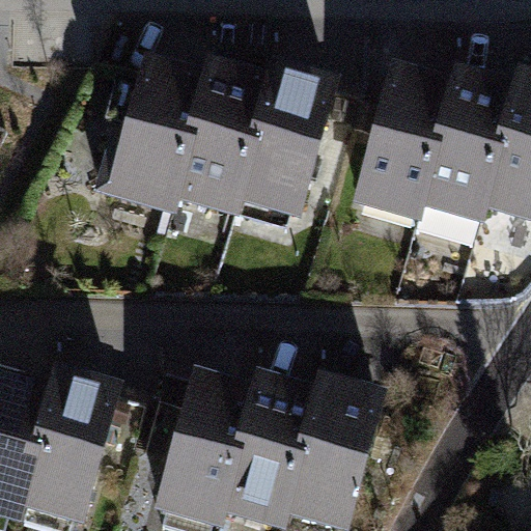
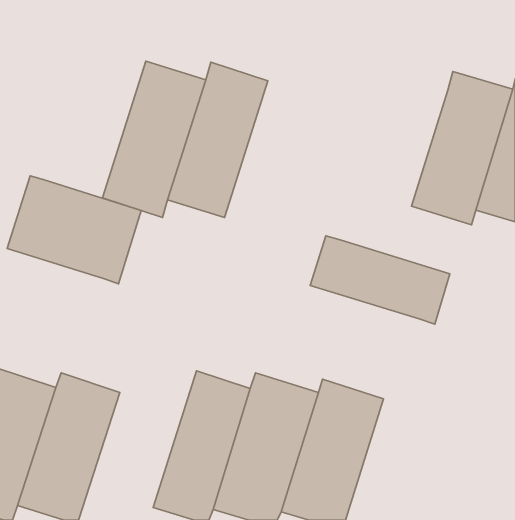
building: [230,66,333,221] -> none
building: [352,73,449,223] -> none
building: none -> [7,176,141,284]
building: none -> [310,236,450,324]

